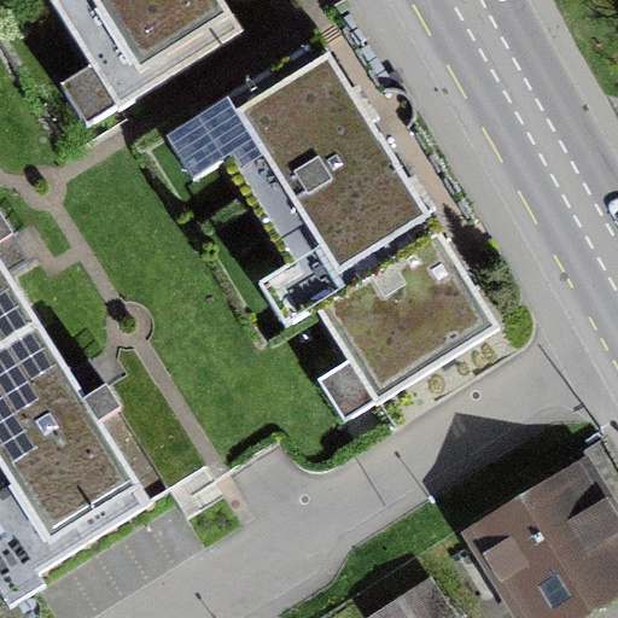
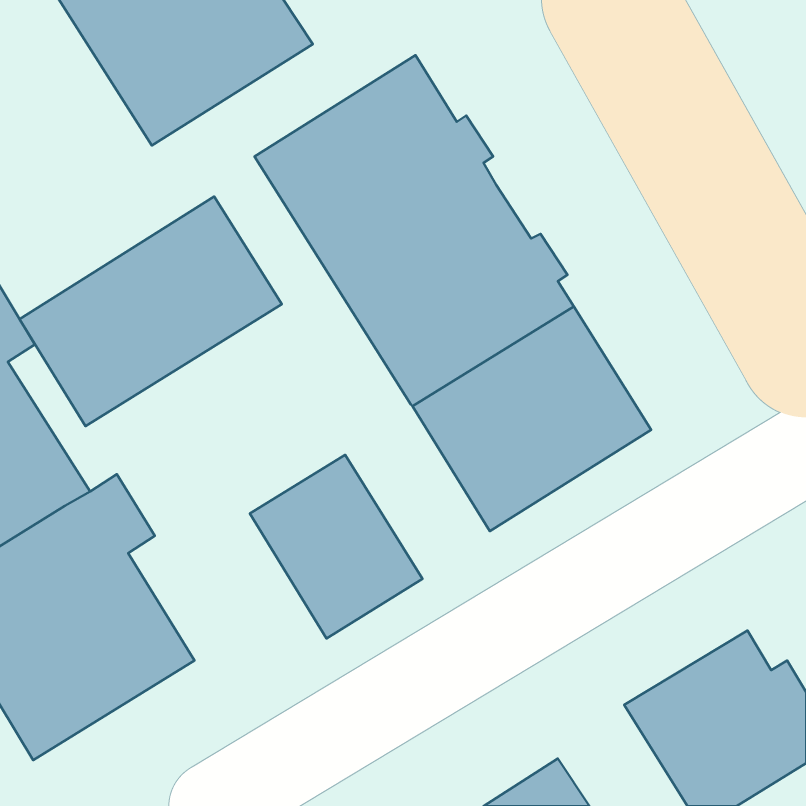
building: none -> [19,197,282,426]
building: none -> [250,455,422,638]

